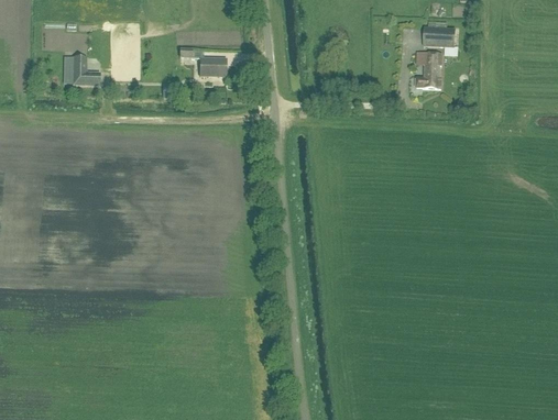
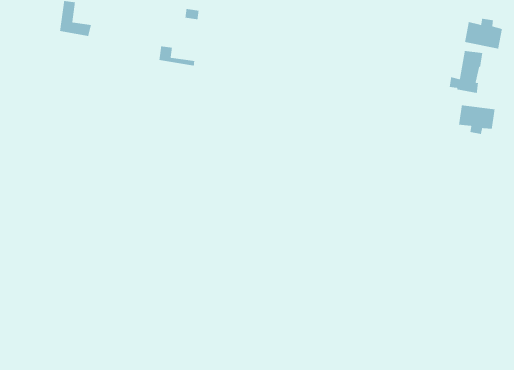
building: [198,57,226,76] -> none
building: none -> [458,104,495,135]

